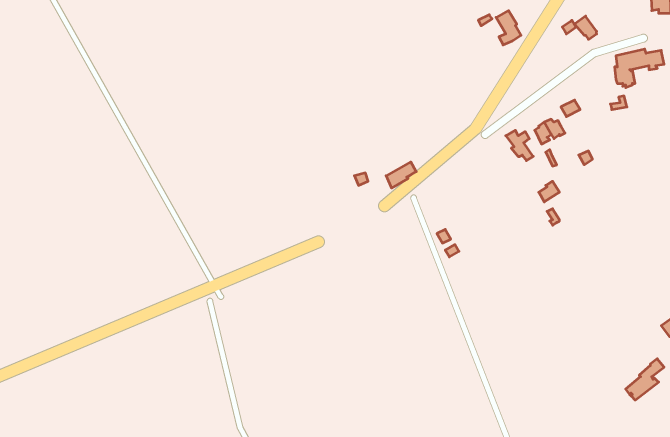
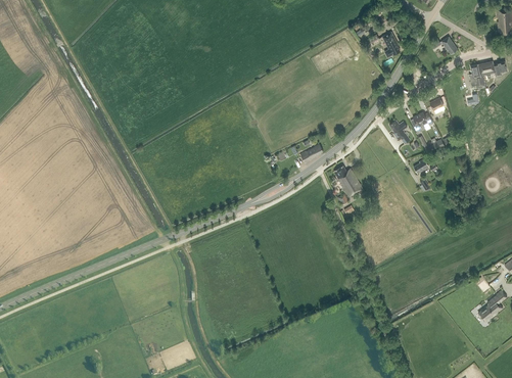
building: none -> [333,166,362,196]

